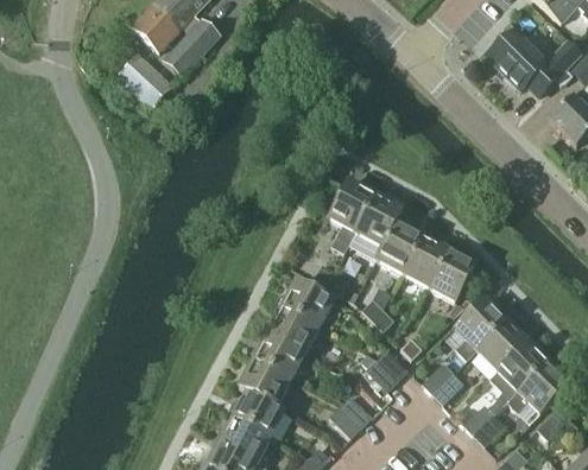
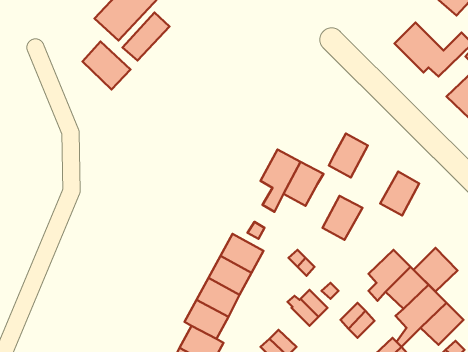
building: [377,221,423,273] -> [329,133,368,177]
building: [429,249,475,301] -> [380,171,419,215]
building: none -> [414,248,458,292]

